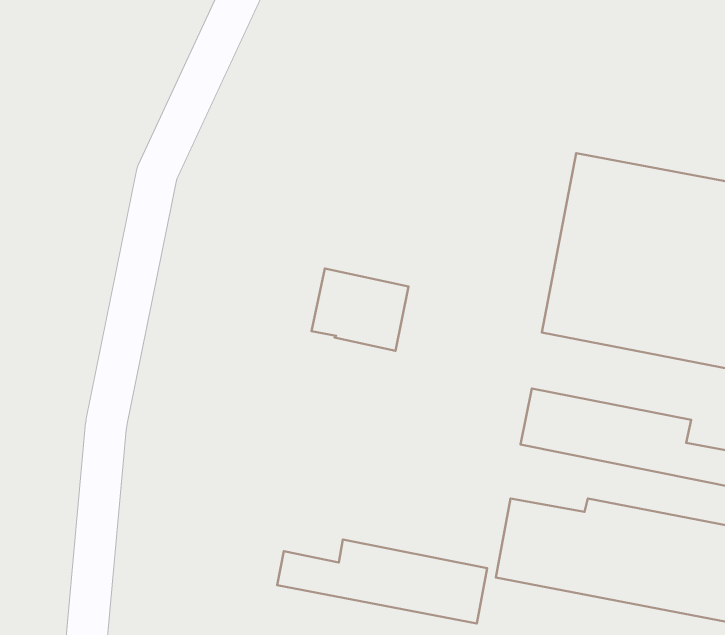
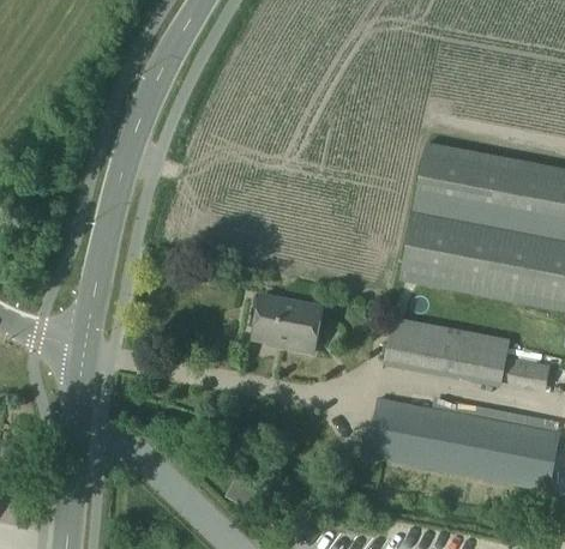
building: [312,269,409,351] -> [252,295,323,355]
building: [277,539,487,624] -> none

